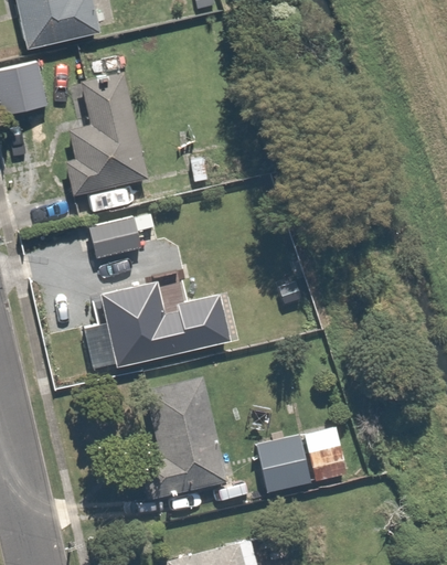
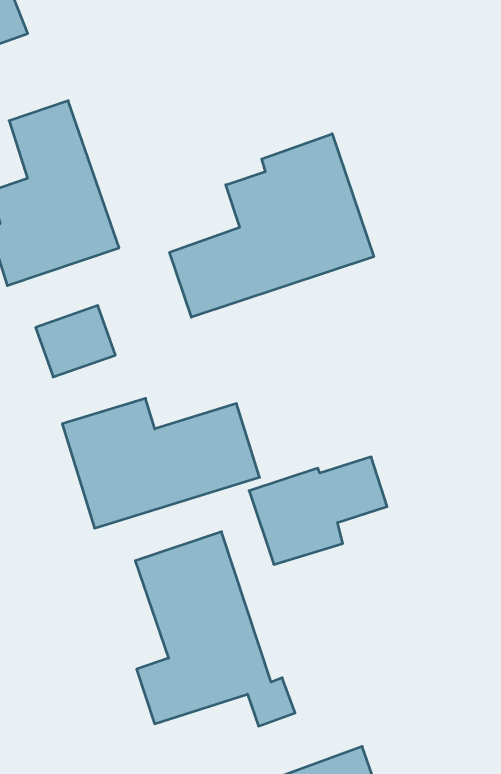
building: none -> [170,134,374,317]
building: [255,427,347,493] -> [249,457,387,564]

